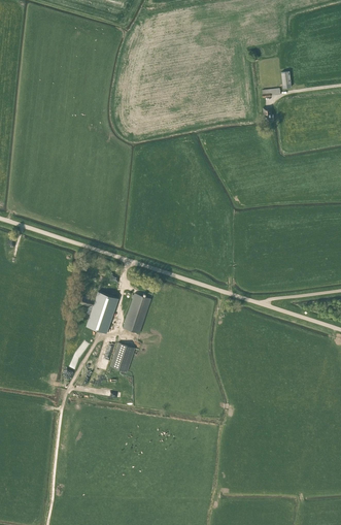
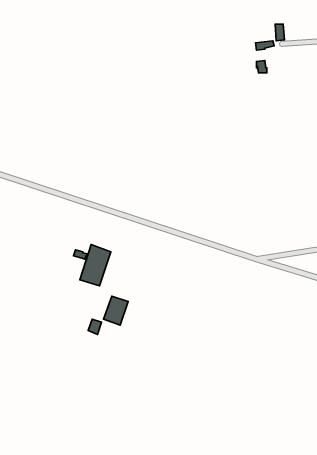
building: [123,293,151,333] -> none

